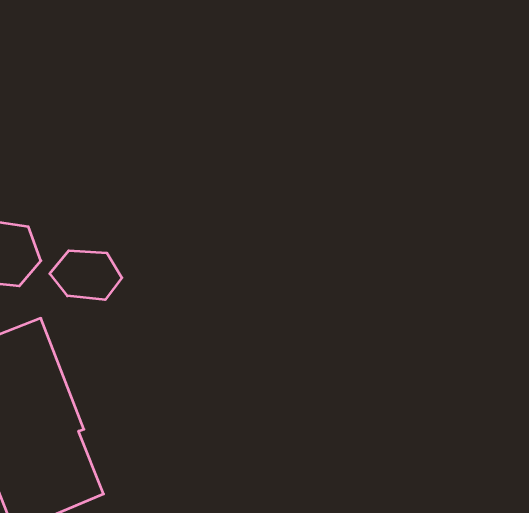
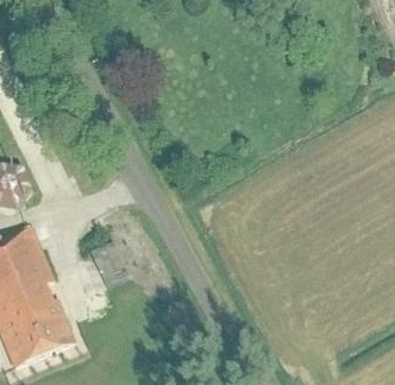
building: [50,251,122,300] -> none

